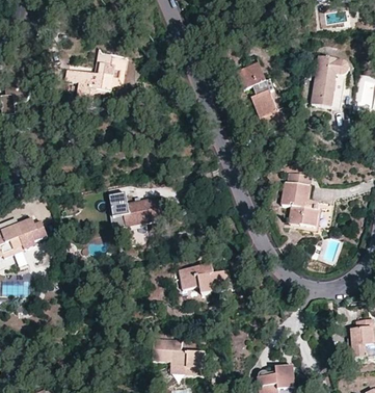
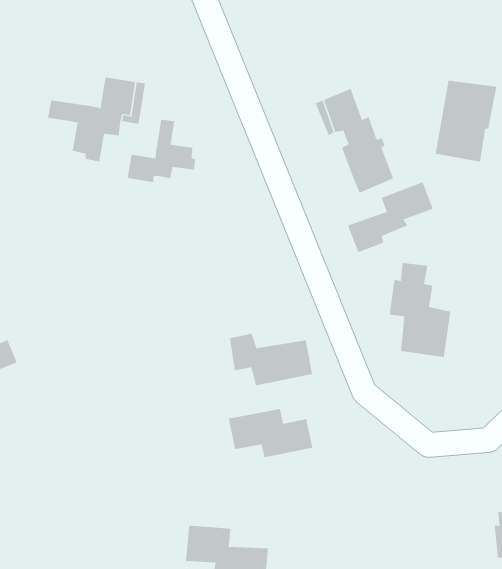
building: none -> [127,119,196,183]
building: none -> [347,182,434,253]
building: [109,191,162,225] -> [229,333,313,386]

